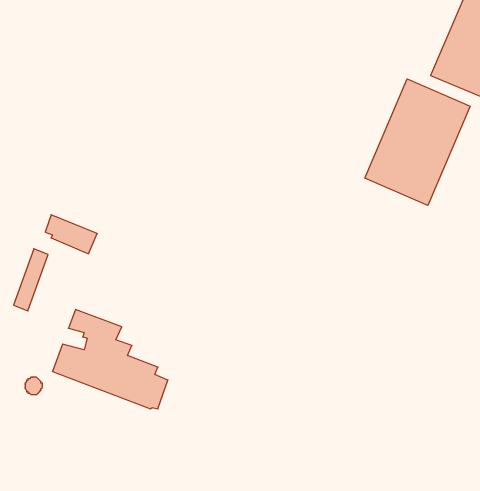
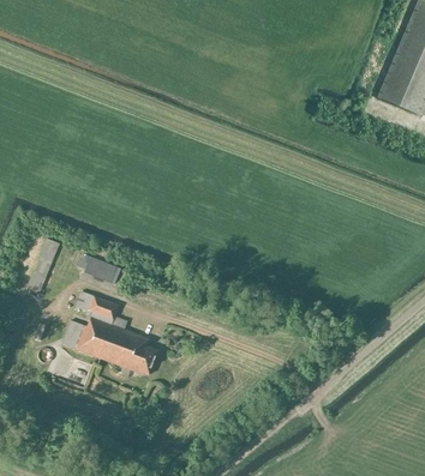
building: [365,79,470,205] -> none
building: [45,215,97,254] -> [78,252,121,284]

